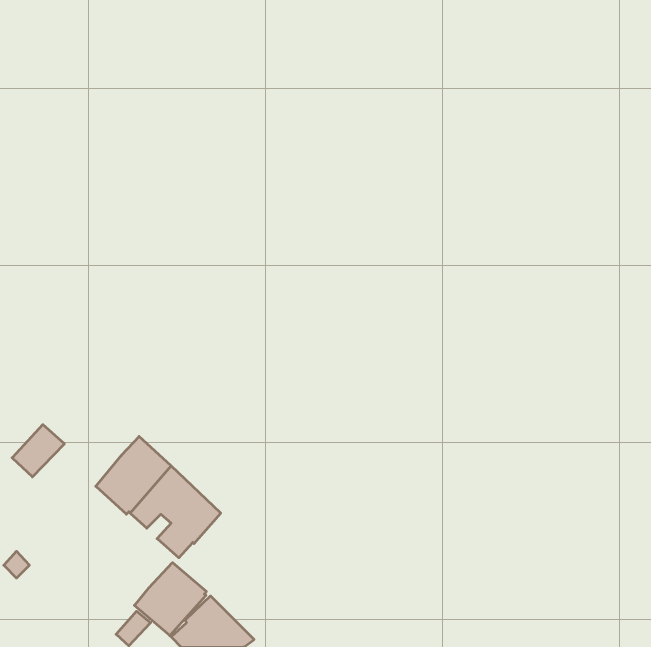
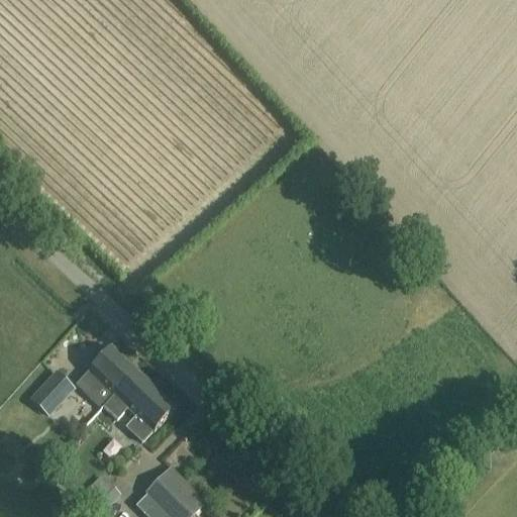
building: [12,425,64,477] -> [31,373,73,414]
building: [134,563,206,636] -> none

